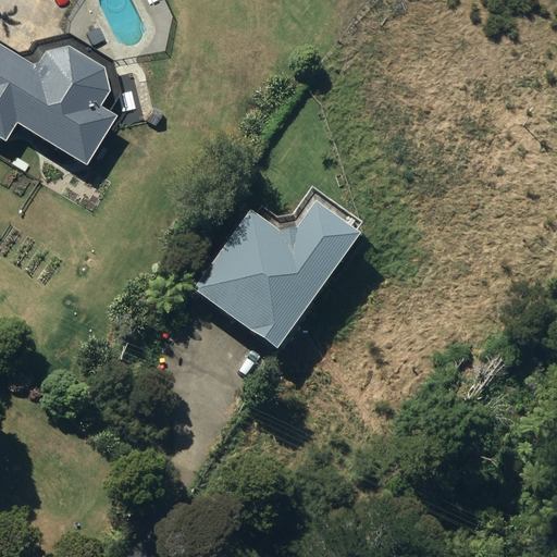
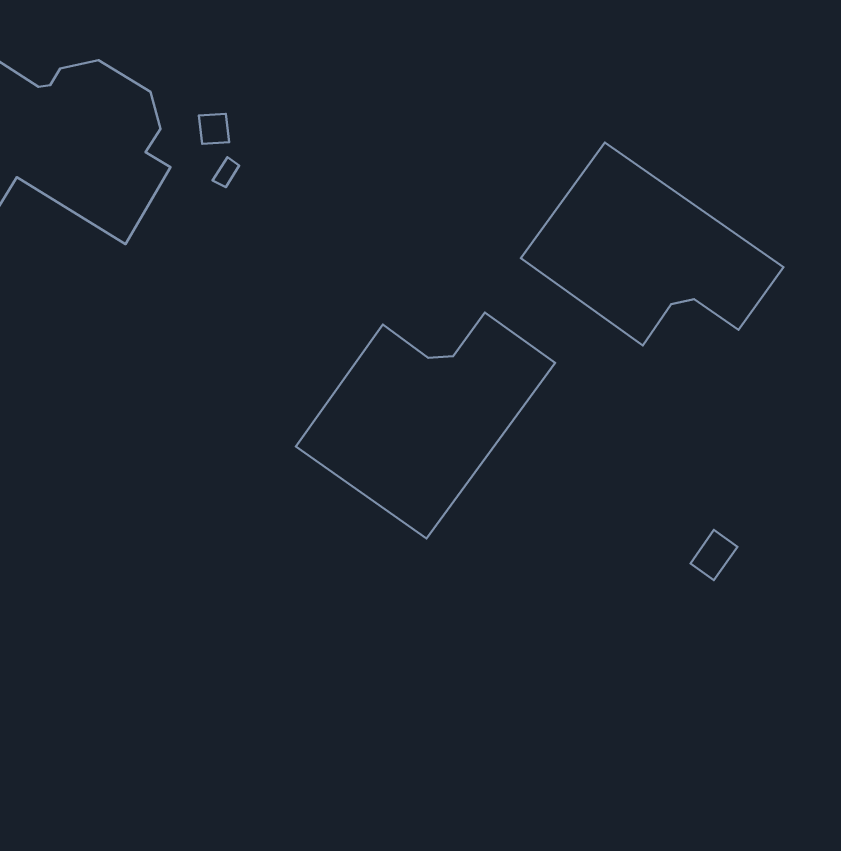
building: none -> [521,143,783,346]

